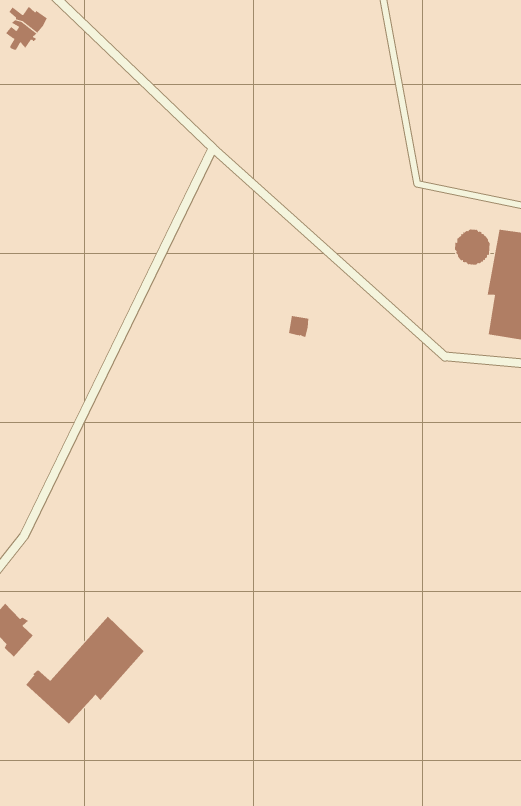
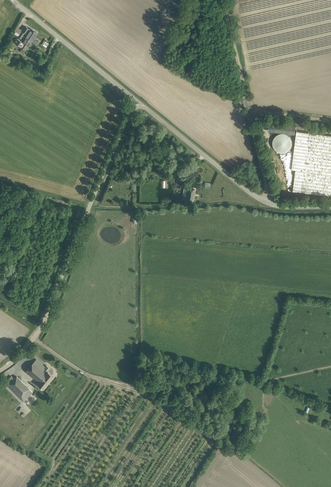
building: [26,616,145,725] -> none

